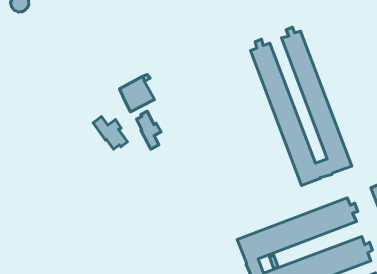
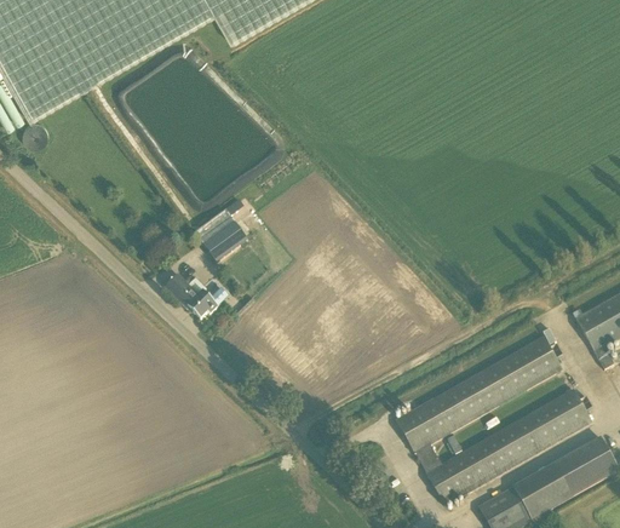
building: [250,27,352,186] -> none
building: [136,111,161,149] -> none

